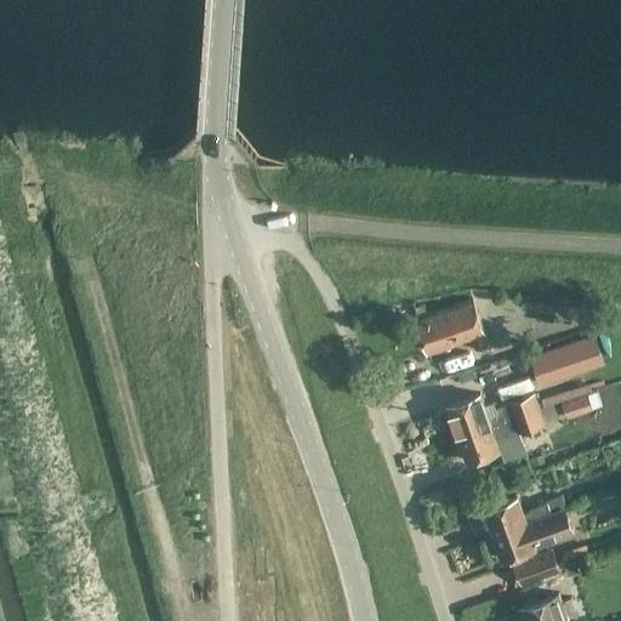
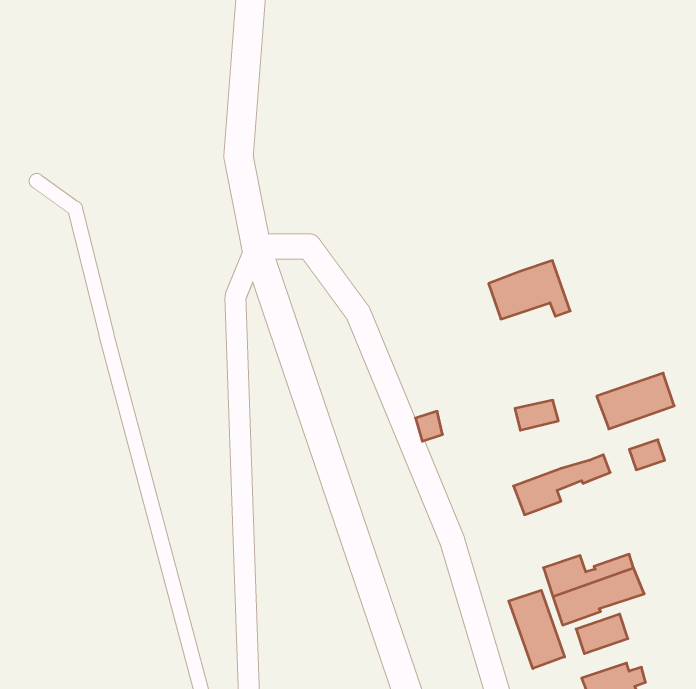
building: [416,303,489,355] -> [489,261,570,319]
building: [446,397,537,439] -> none
building: none -> [509,590,565,669]

